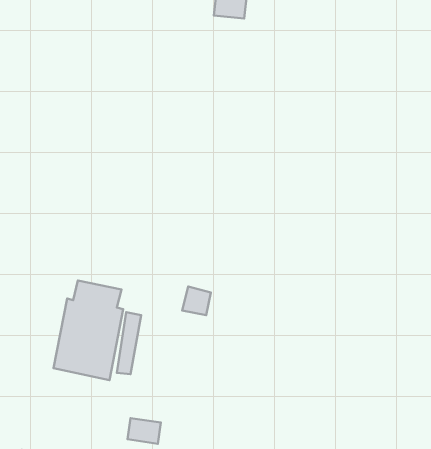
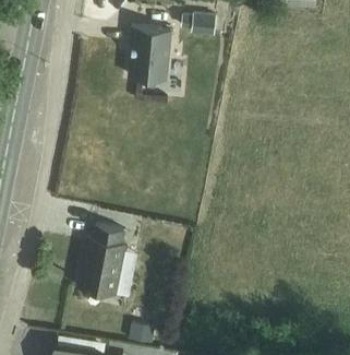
building: none -> [130,28,171,82]

